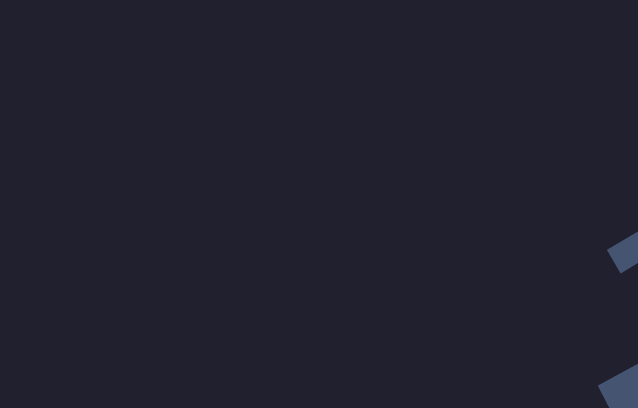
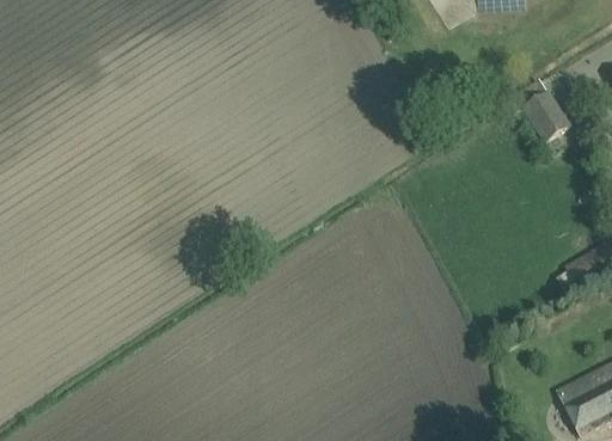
building: none -> [524,92,568,140]

